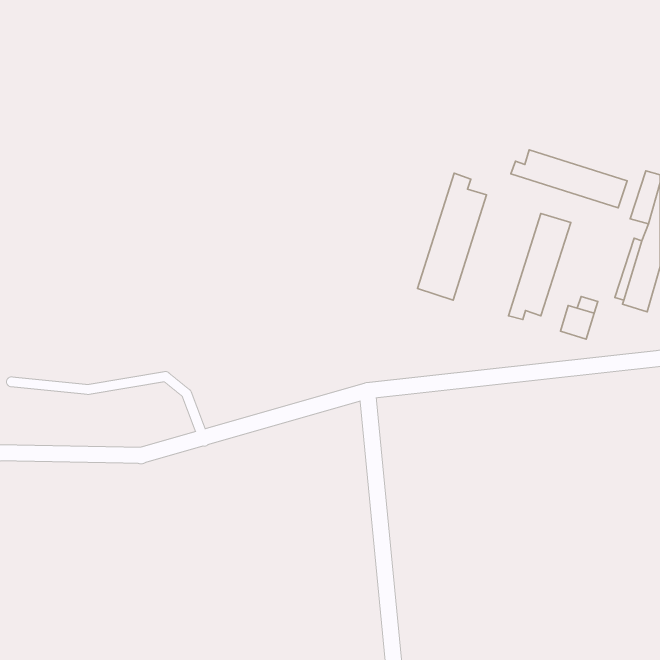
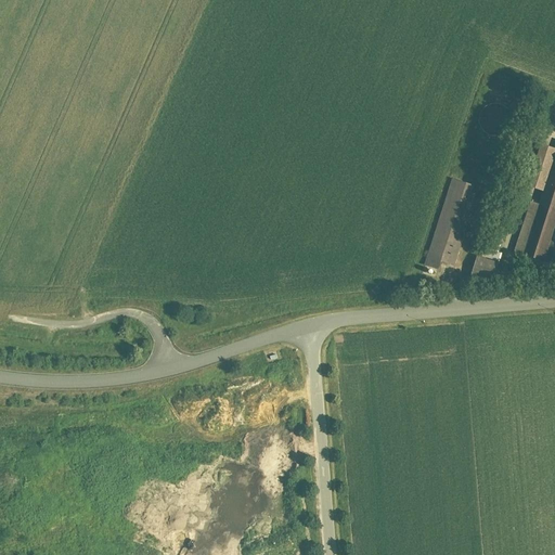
building: [511,150,627,208] -> none
building: [418,173,486,300] -> none

